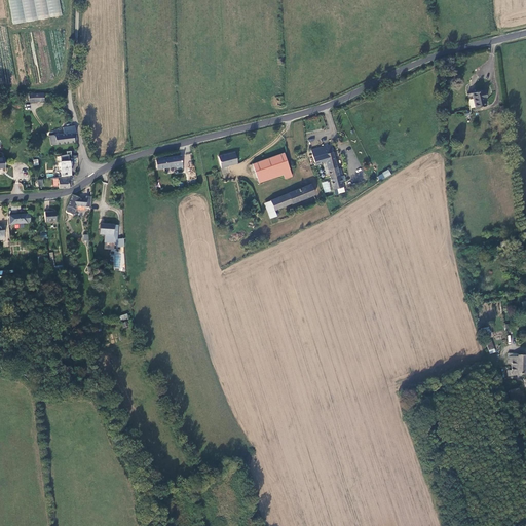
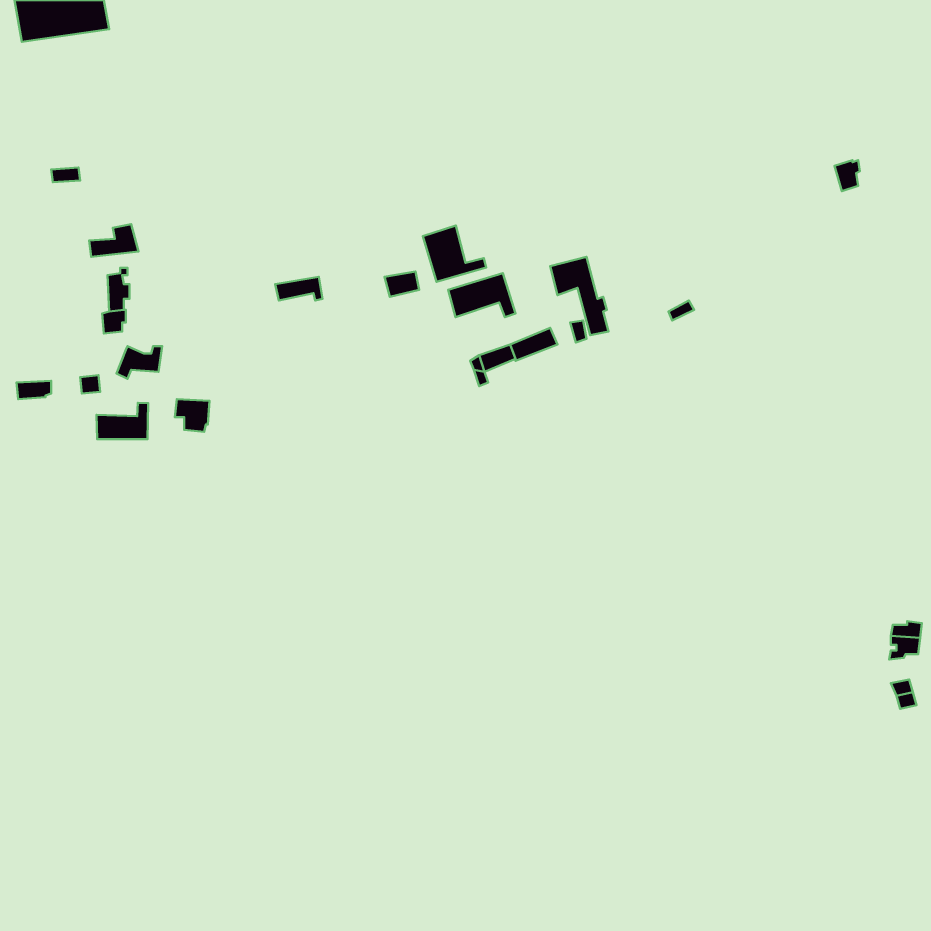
building: none -> [423,225,486,282]
building: none -> [97,403,148,439]

